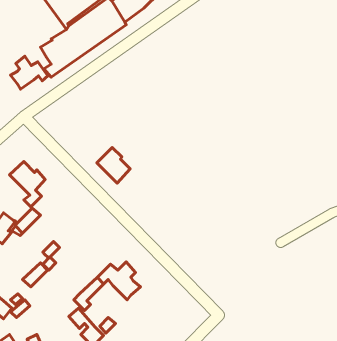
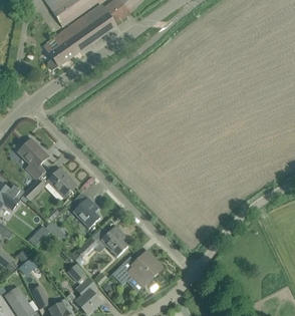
building: [10,56,48,89] -> none
building: [97,147,130,183] -> [46,168,74,198]
building: none -> [72,197,99,228]
building: none -> [111,253,163,287]

